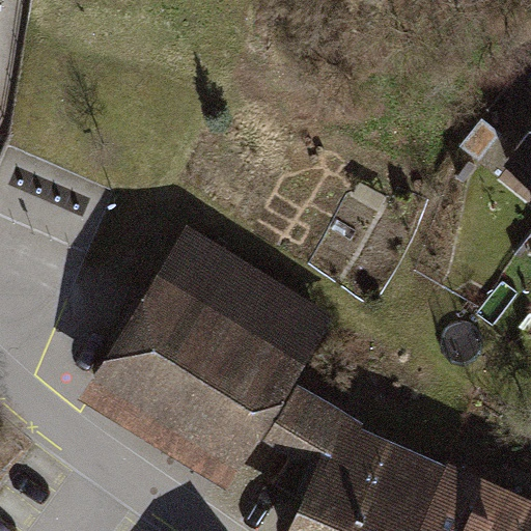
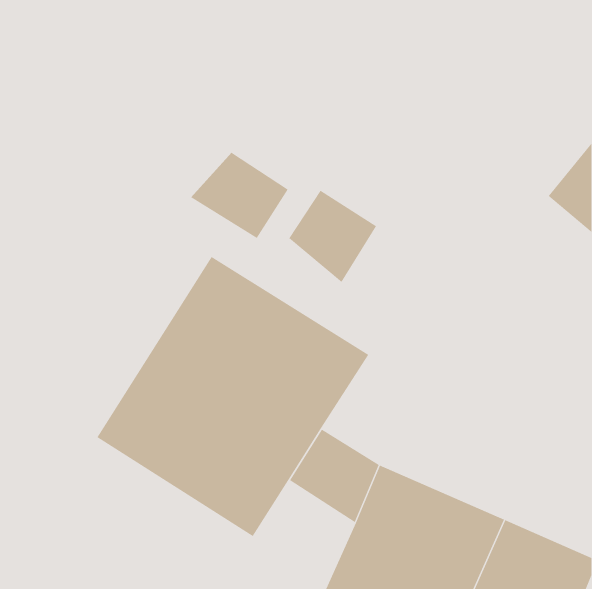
building: none -> [190,152,289,239]
building: none -> [288,190,377,283]

